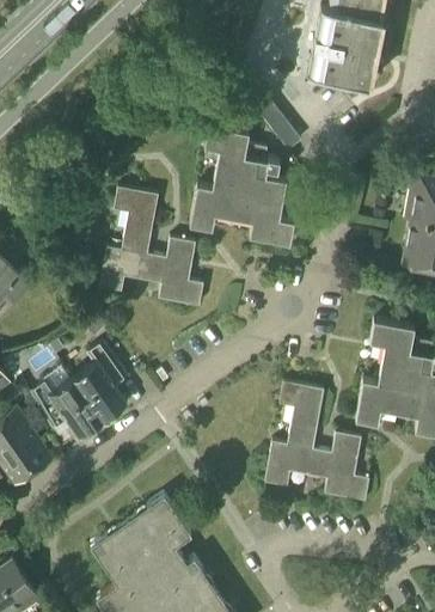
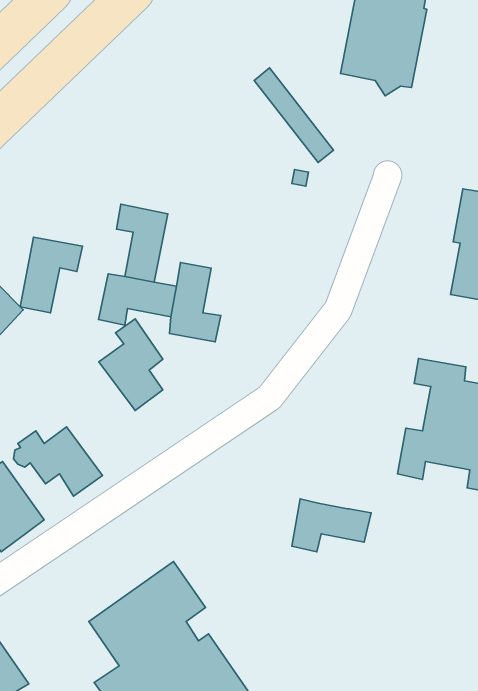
building: [190,126,294,244] -> none
building: none -> [20,237,82,313]
building: [72,342,127,421] -> [99,319,163,411]
building: [280,381,324,449] -> none
building: [325,434,369,501] -> none

